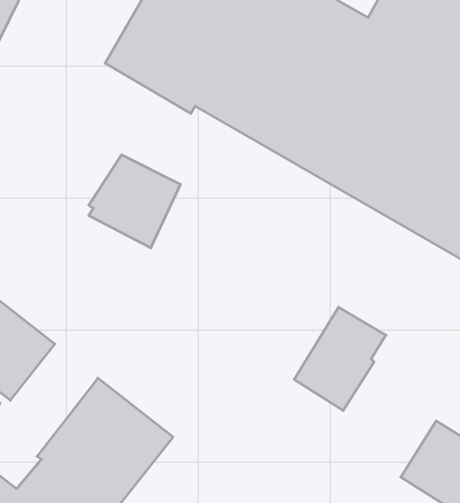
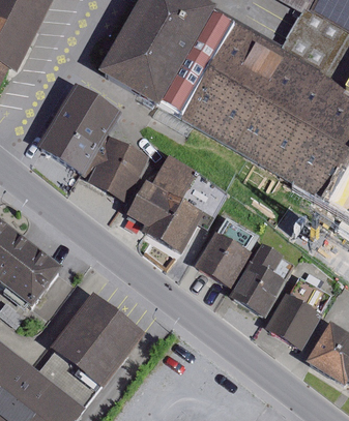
building: none -> [37,85,123,176]
building: none -> [127,152,228,254]
building: none -> [196,216,259,287]
building: none -> [264,275,330,349]

